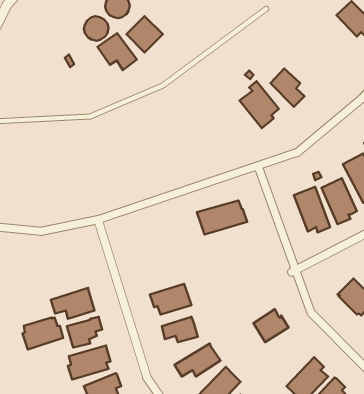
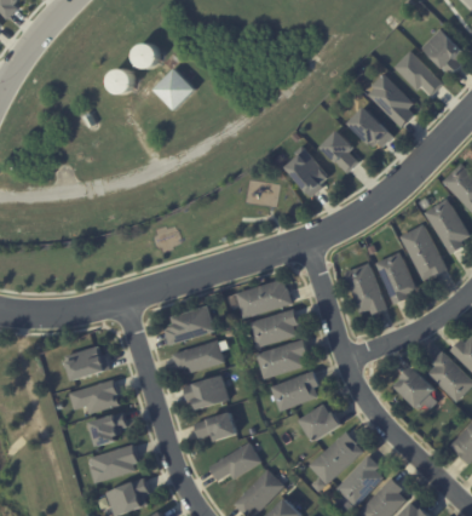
building: none -> [368,74,414,128]
building: [98,33,137,70] -> none
building: none -> [349,108,393,148]
building: none -> [165,305,214,344]
building: none -> [251,306,299,345]
building: none -> [257,337,307,377]
building: none -> [172,339,224,371]
building: none -> [271,368,320,409]
building: [23,317,63,349] -> [64,343,110,379]
building: none -> [309,430,362,483]

